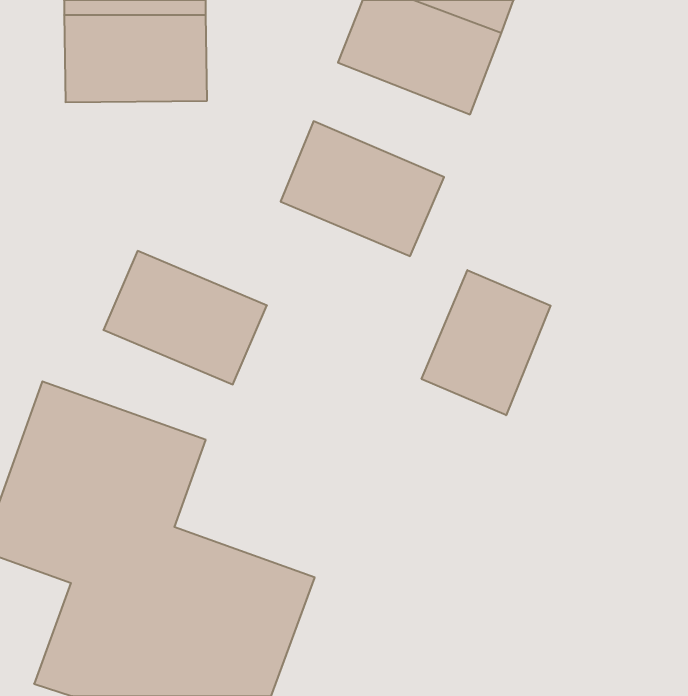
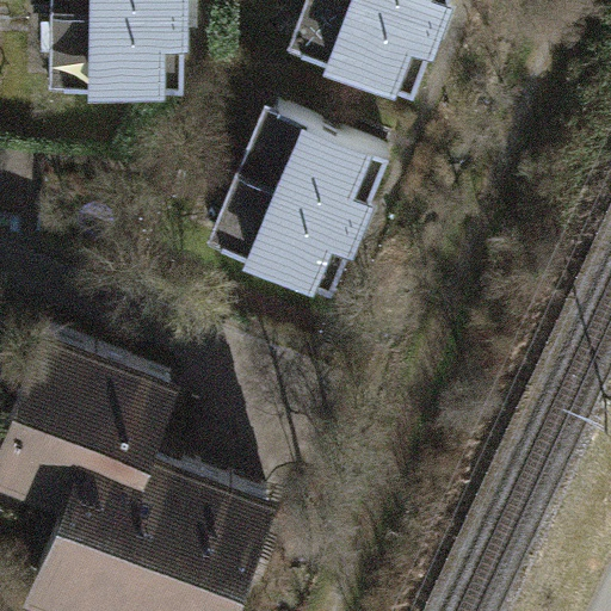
building: [103,251,267,384] -> [216,177,359,294]
building: [422,270,551,415] -> none

